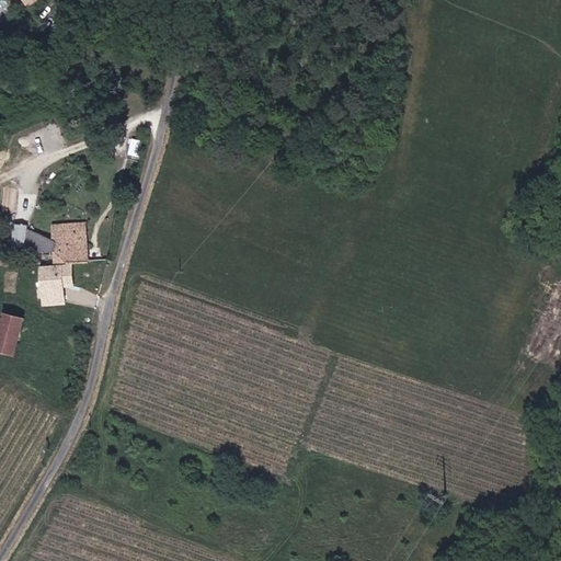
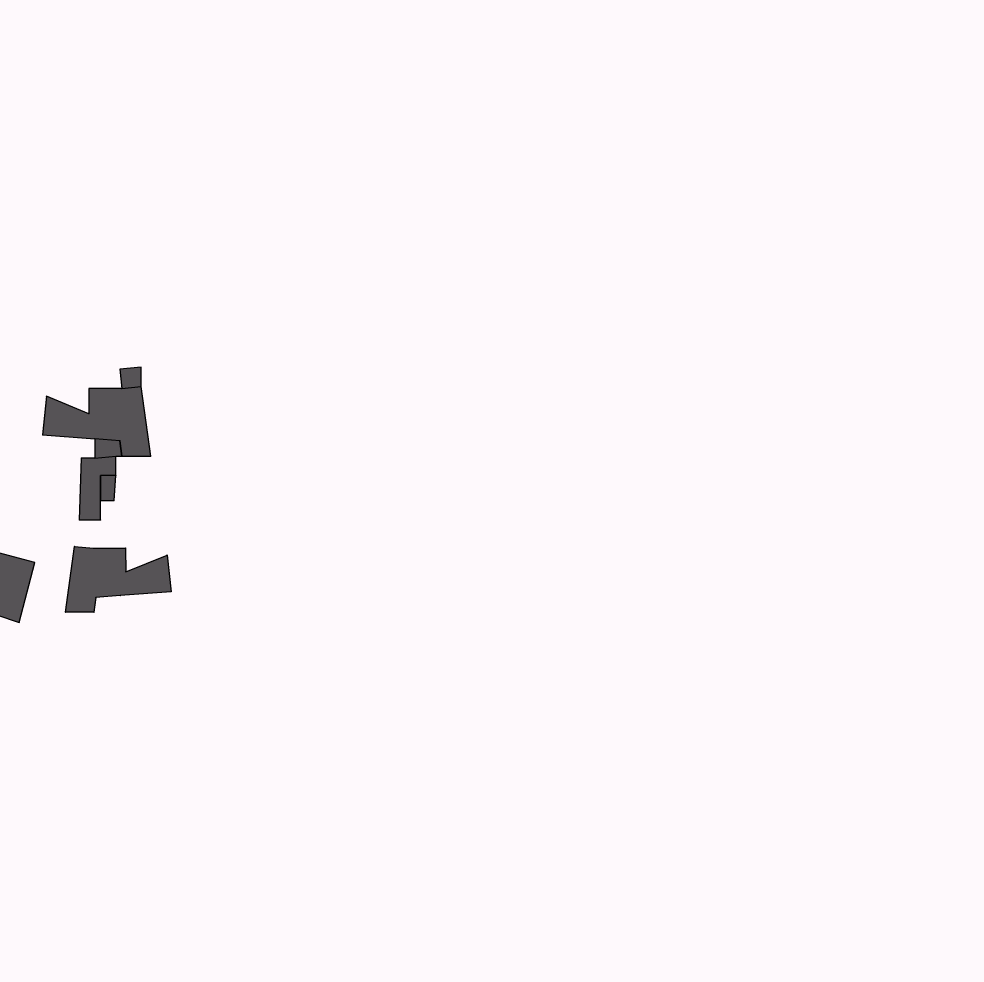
building: none -> [66,546,171,612]

